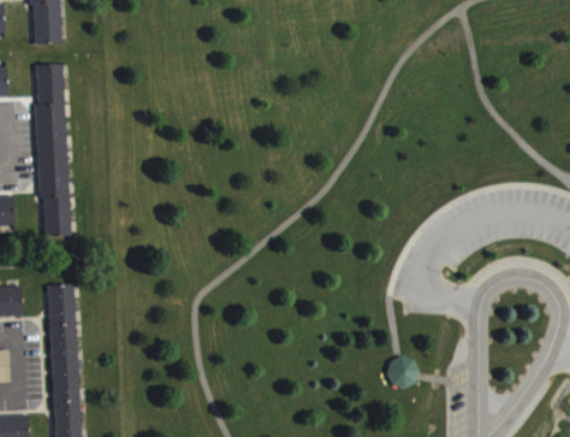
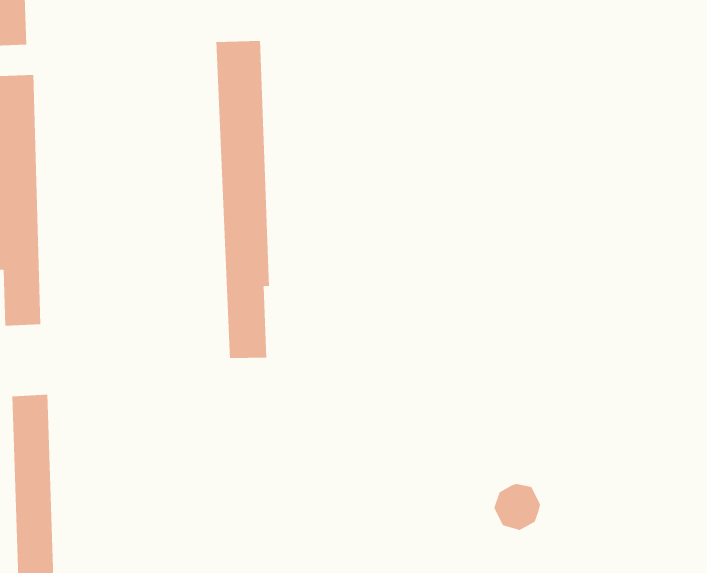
building: none -> [216,40,269,359]

